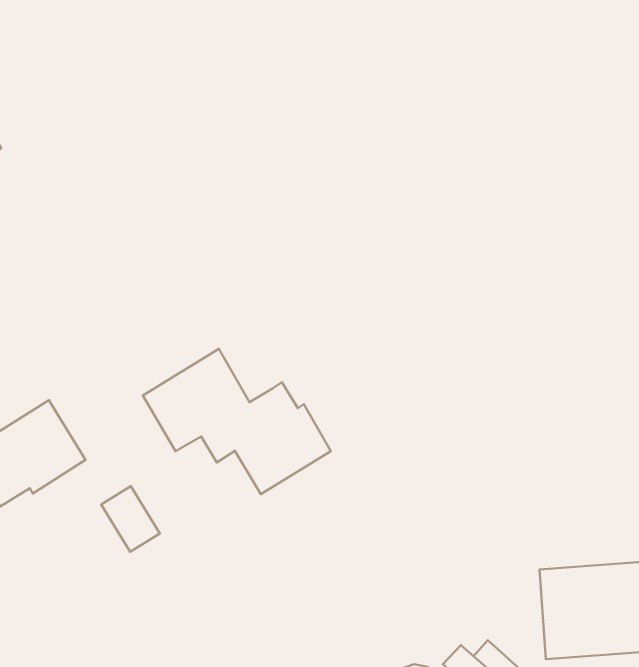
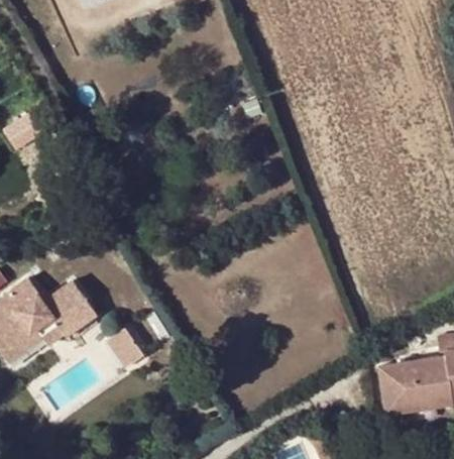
building: [143,349,331,494] -> none

